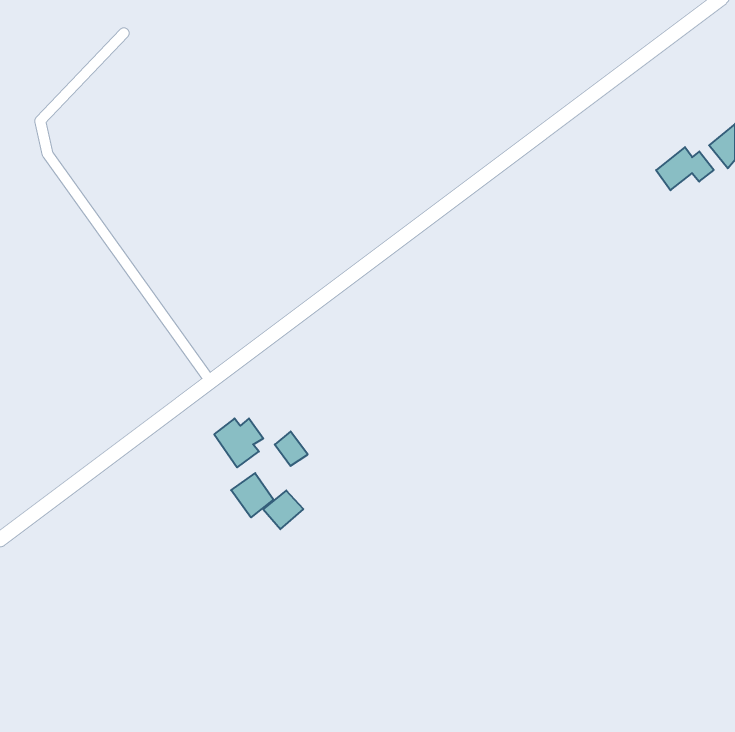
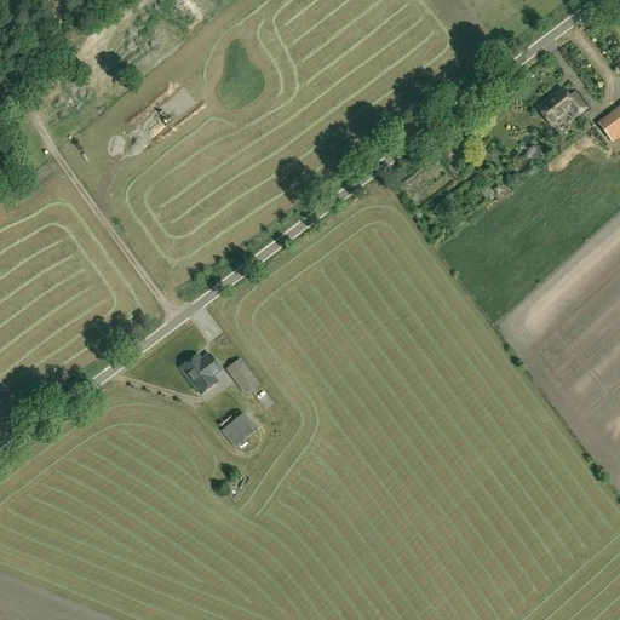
building: [656,147,714,190] -> [536,87,585,124]
building: [231,473,273,517] -> none

